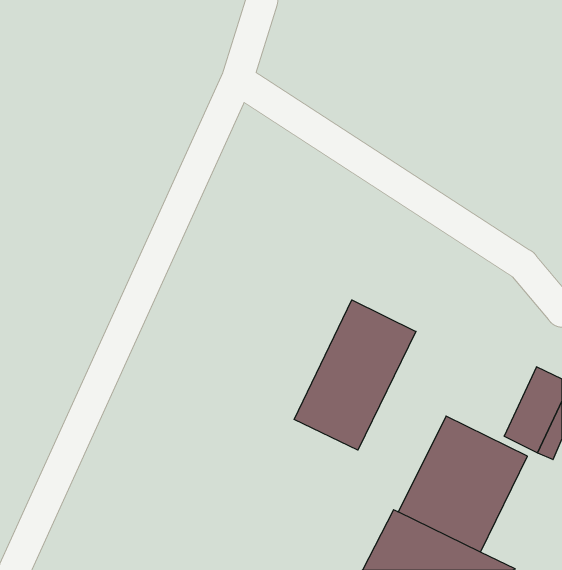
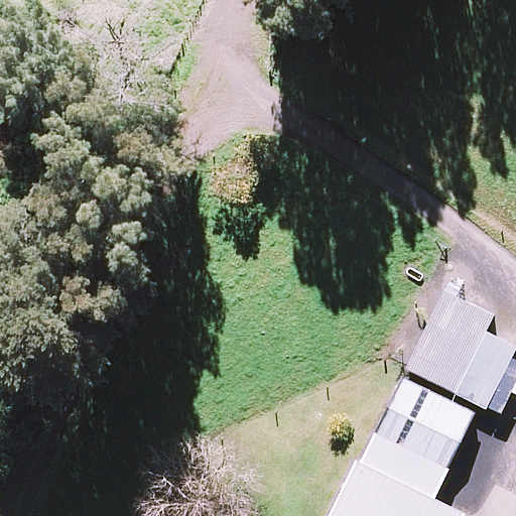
building: [294,300,416,450] -> none
building: none -> [405,291,493,394]

